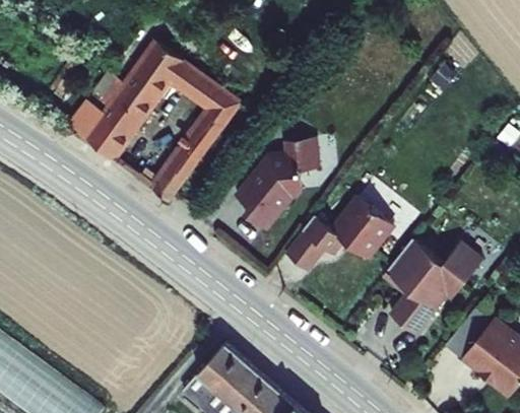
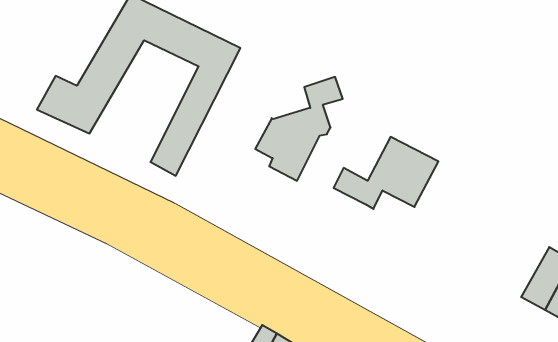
building: [259,129,318,167] -> none
building: [283,233,325,275] -> none
building: [385,242,481,337] -> none

